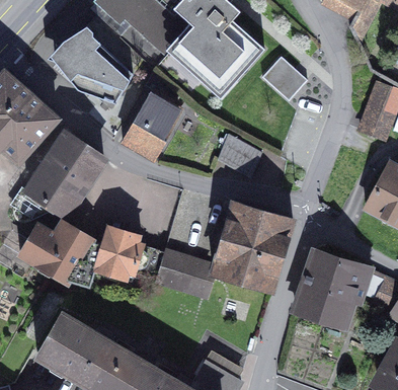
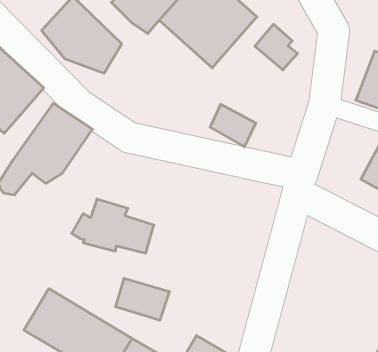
building: [123,89,180,155] -> none
building: [212,203,293,291] -> none
building: [20,222,95,286] -> none
building: [295,251,371,327] -> none
building: [156,252,209,293] -> [115,278,170,320]

